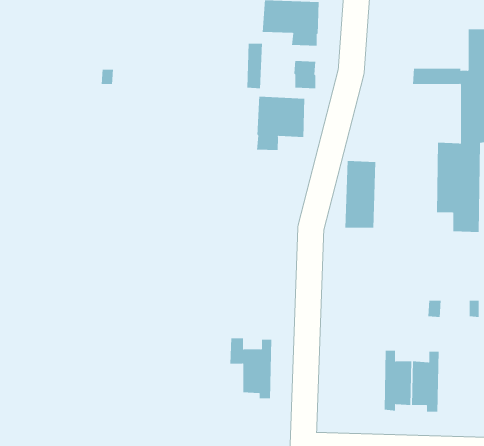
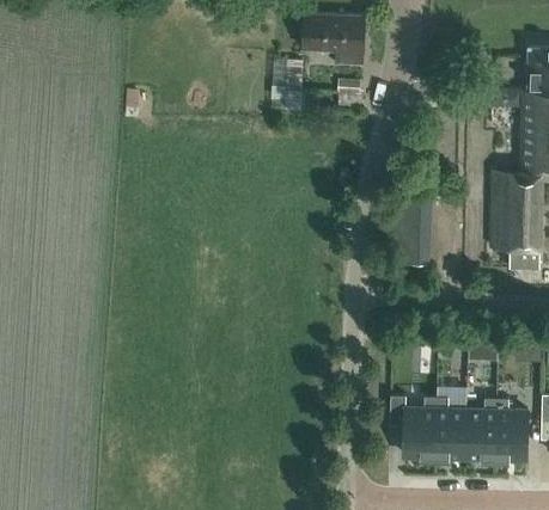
building: [257,96,305,151] -> none
building: [230,338,272,399] -> [390,397,437,463]
building: none -> [495,399,527,466]

